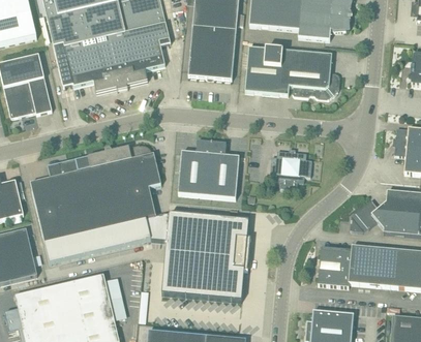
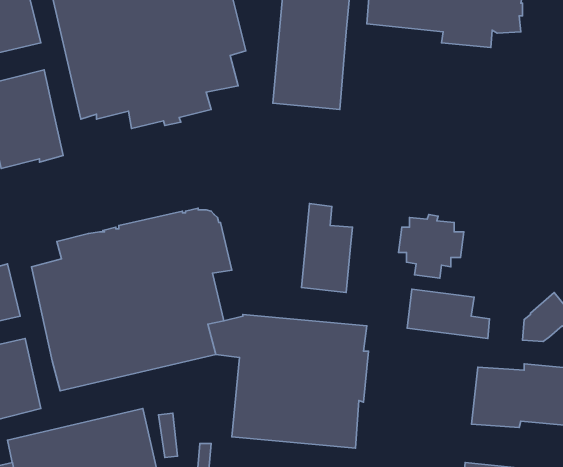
building: [245,45,339,97] -> none
building: [178,138,212,194] -> none
building: none -> [407,289,489,338]

